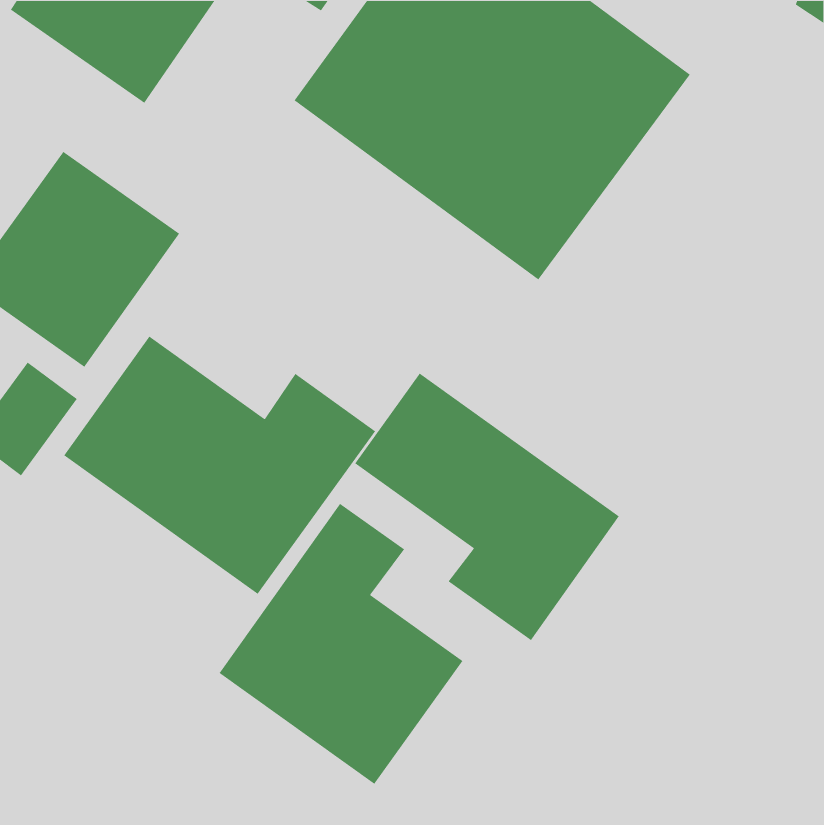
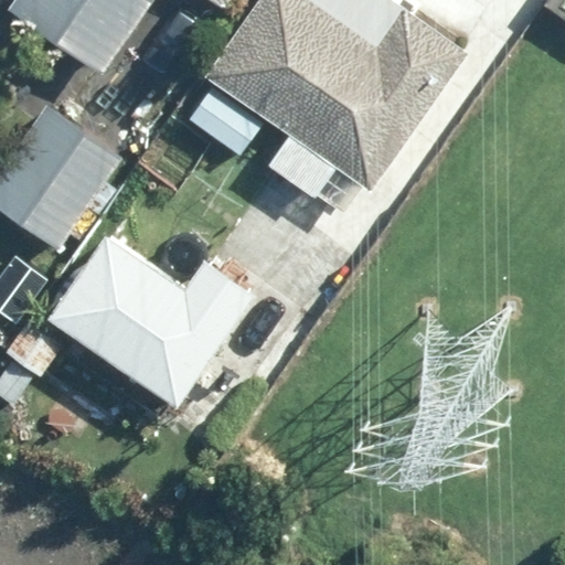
building: [354,373,620,641] -> none
building: [218,503,464,785] -> none

